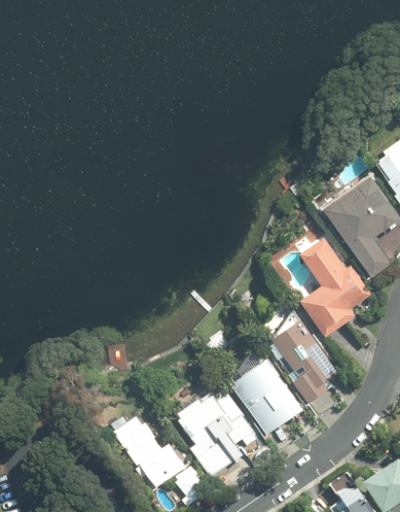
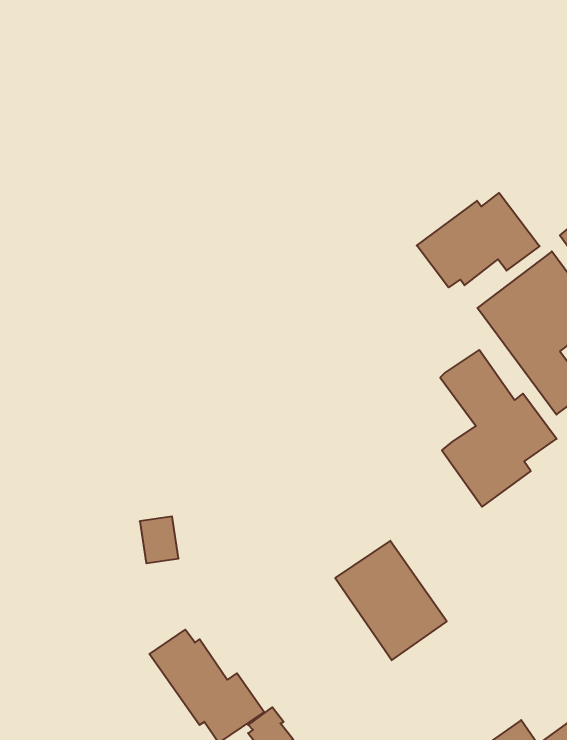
building: none -> [417,193,540,287]
building: [269,317,335,402] -> none
building: [174,392,258,476] -> none

